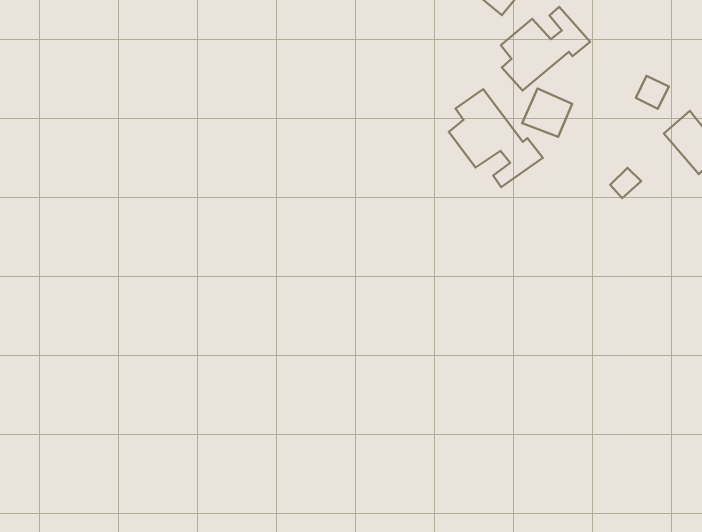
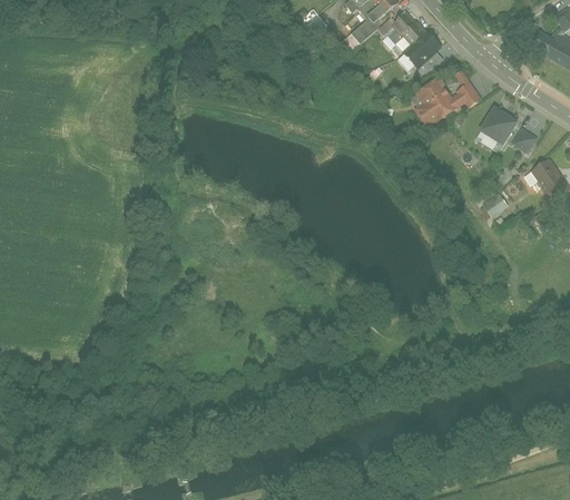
building: [522,88,572,137] -> [479,107,518,145]
building: [449,89,543,187] -> none

